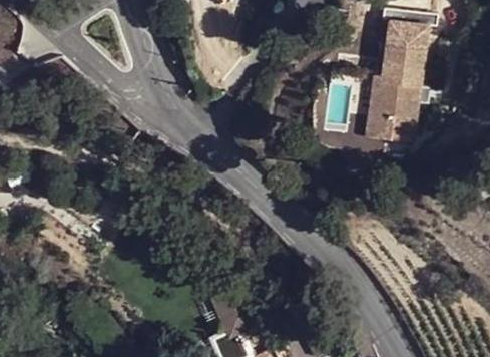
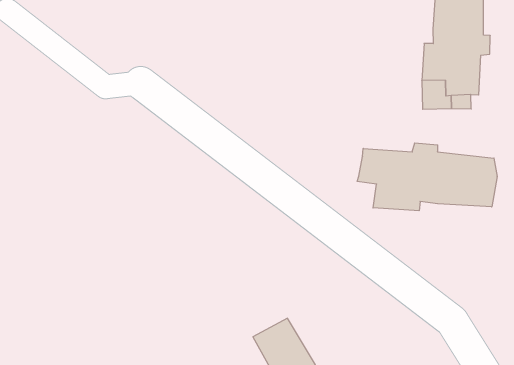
building: none -> [357,143,497,211]

